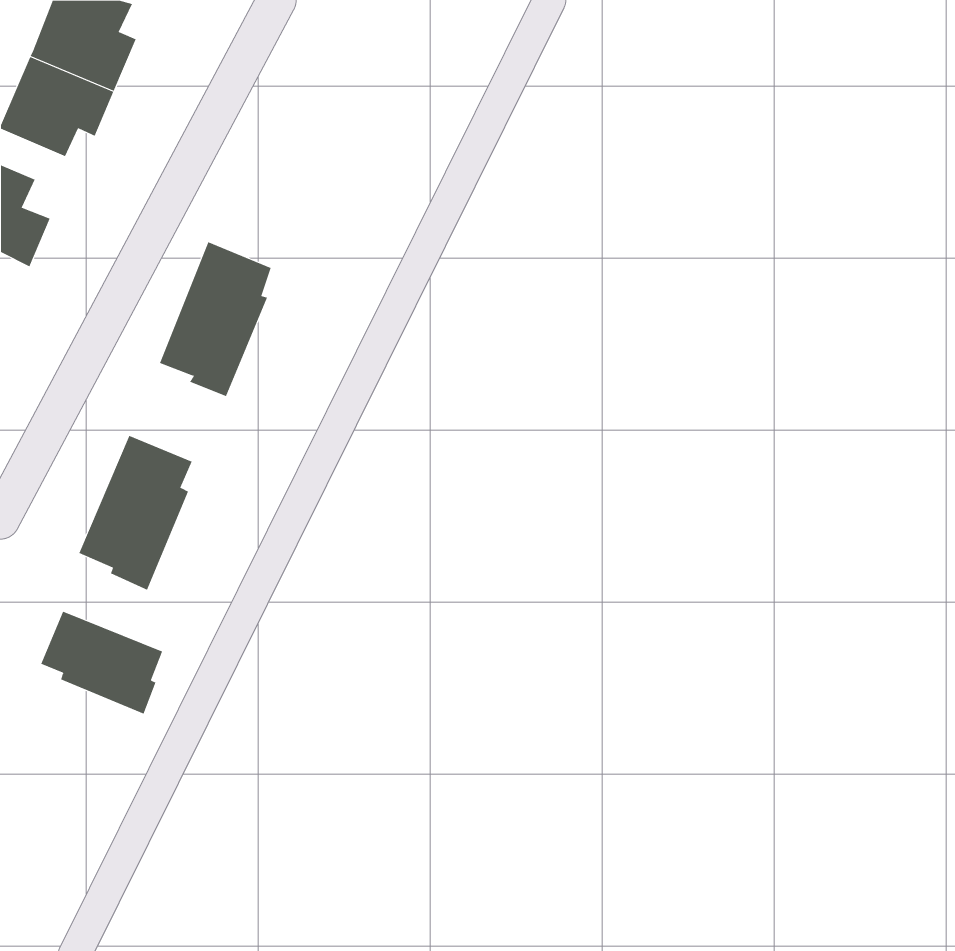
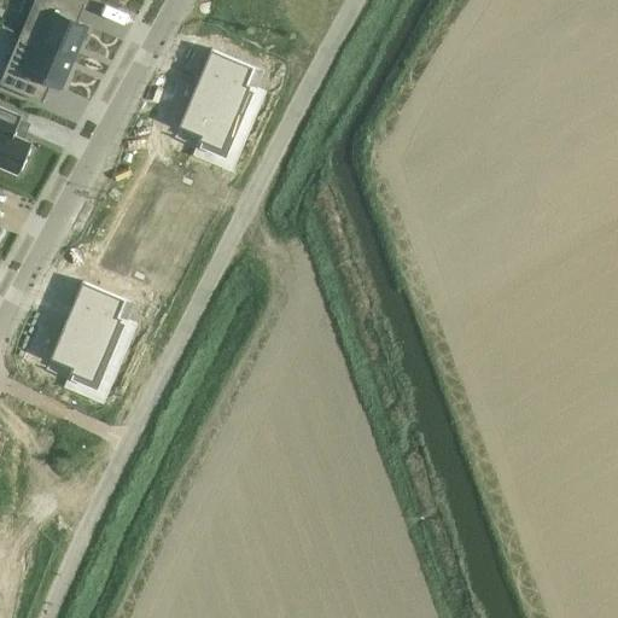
building: [159,242,271,397] -> [181,51,253,151]
building: [40,611,163,715] -> none

